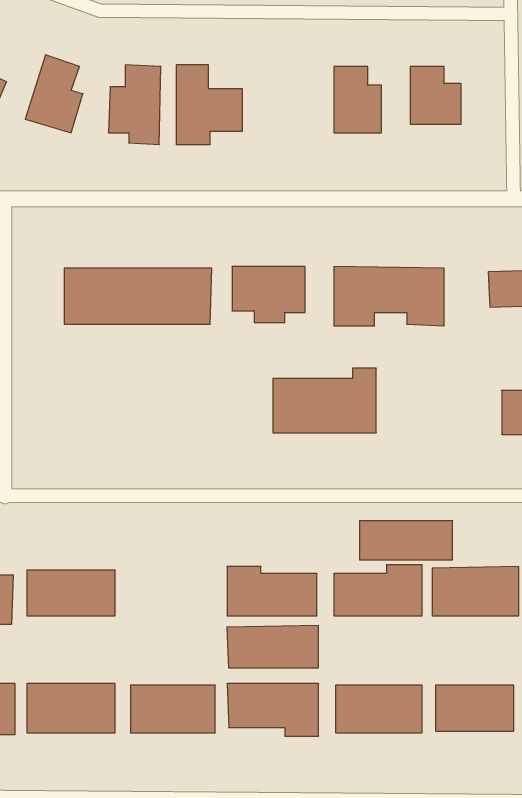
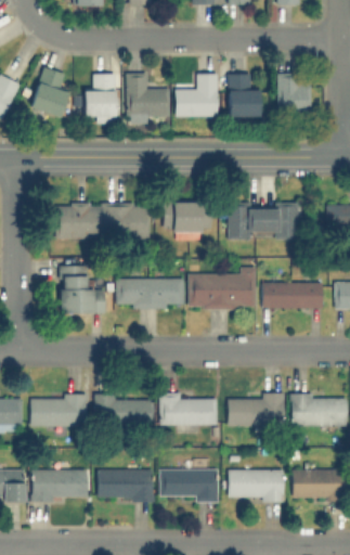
building: none -> [174,74,217,116]
building: none -> [59,264,104,312]
building: none -> [117,278,183,308]
building: [359,521,453,560] -> [261,282,321,307]
building: [227,625,318,668] -> [94,397,153,424]

